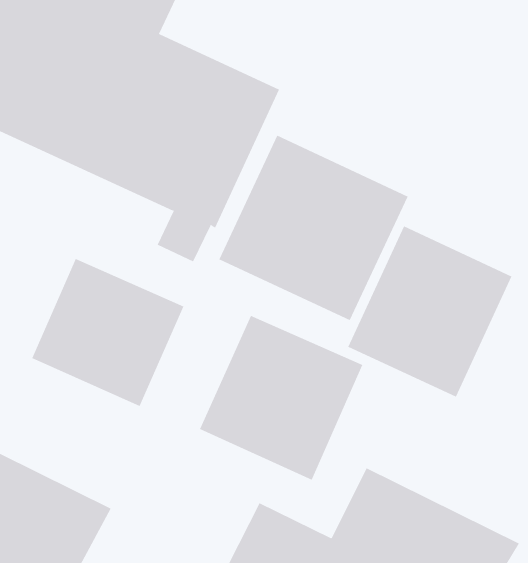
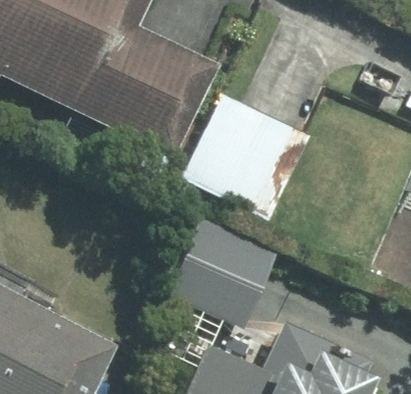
building: [348,226,512,398] -> none
building: [32,258,184,407] -> none

